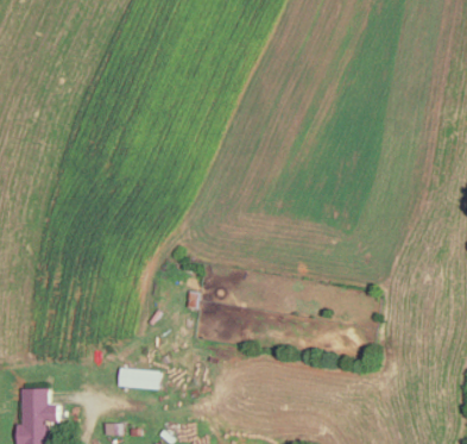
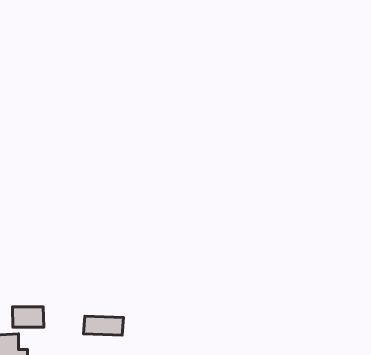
building: none -> [12,307,44,327]

